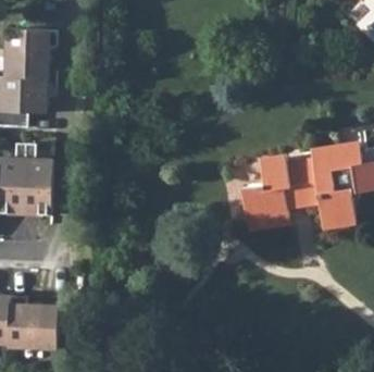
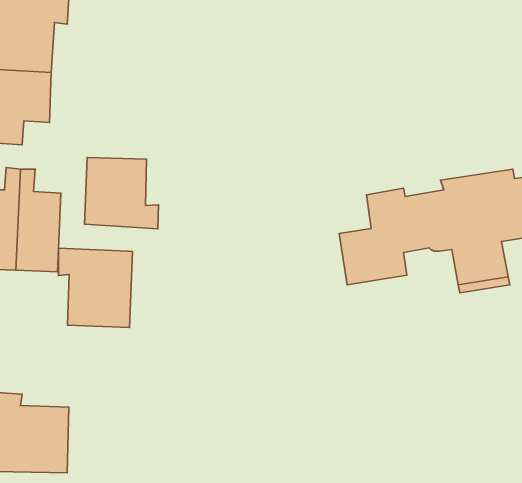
building: none -> [84,157,158,229]
building: none -> [58,248,132,328]

